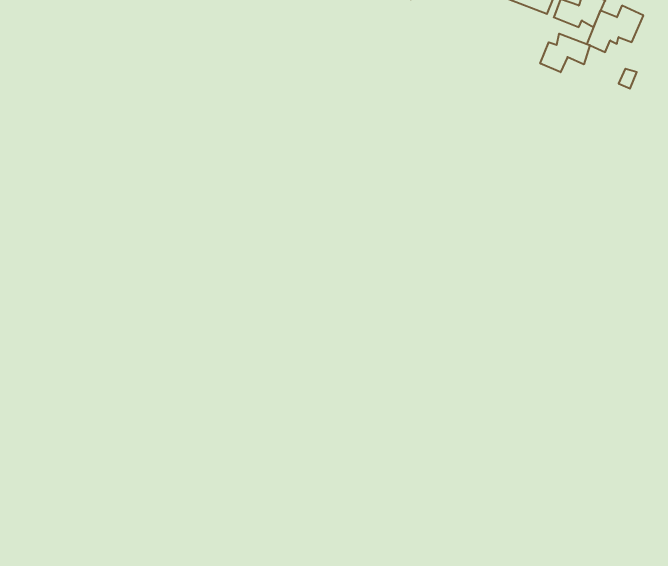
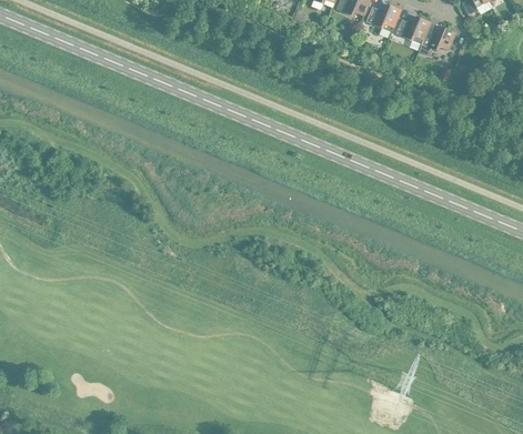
building: [540,34,590,72] -> none

